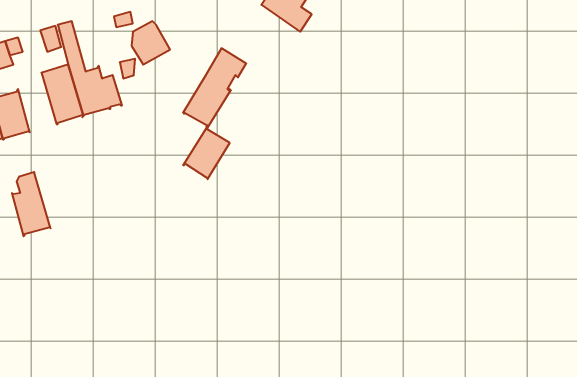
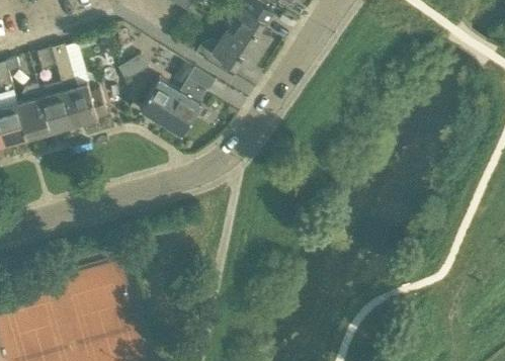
building: none -> [195,30,261,79]
building: [183,128,230,179] -> [139,79,179,123]
building: [12,172,51,236] -> [17,85,51,141]

